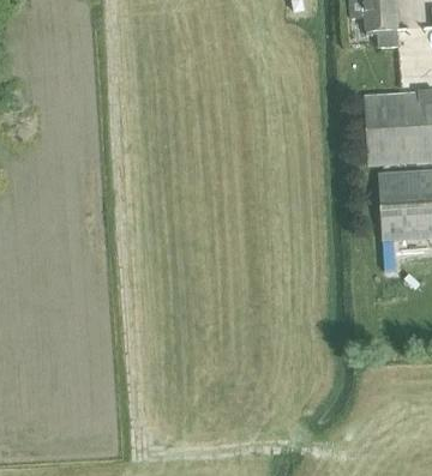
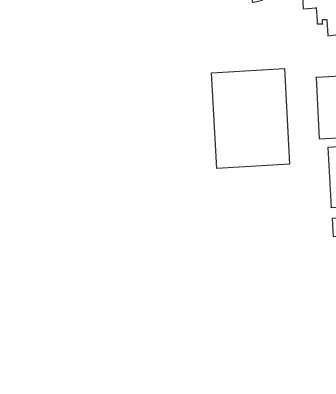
building: none -> [212,69,290,168]

